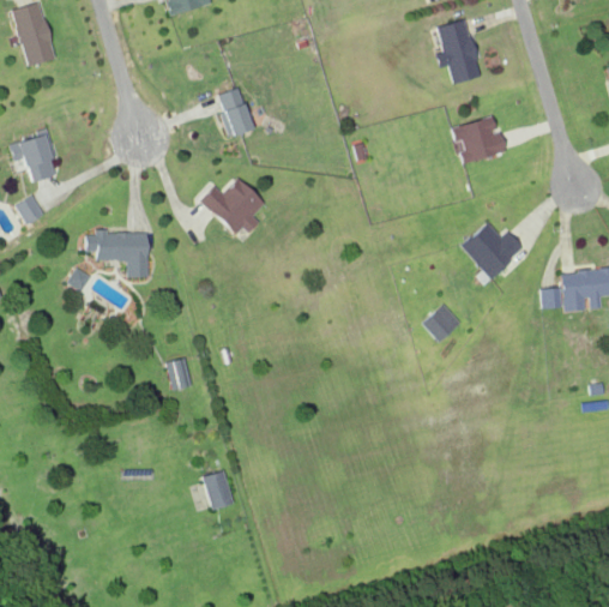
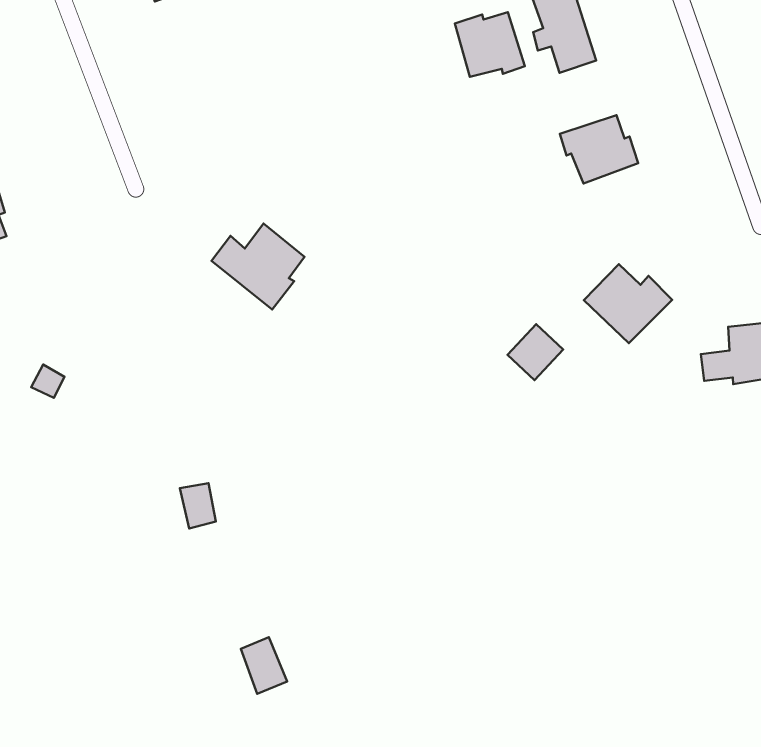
building: none -> [455,12,525,77]
building: [219,88,254,137] -> none
building: [86,232,149,277] -> none
building: [422,304,462,343] -> [507,324,563,380]

